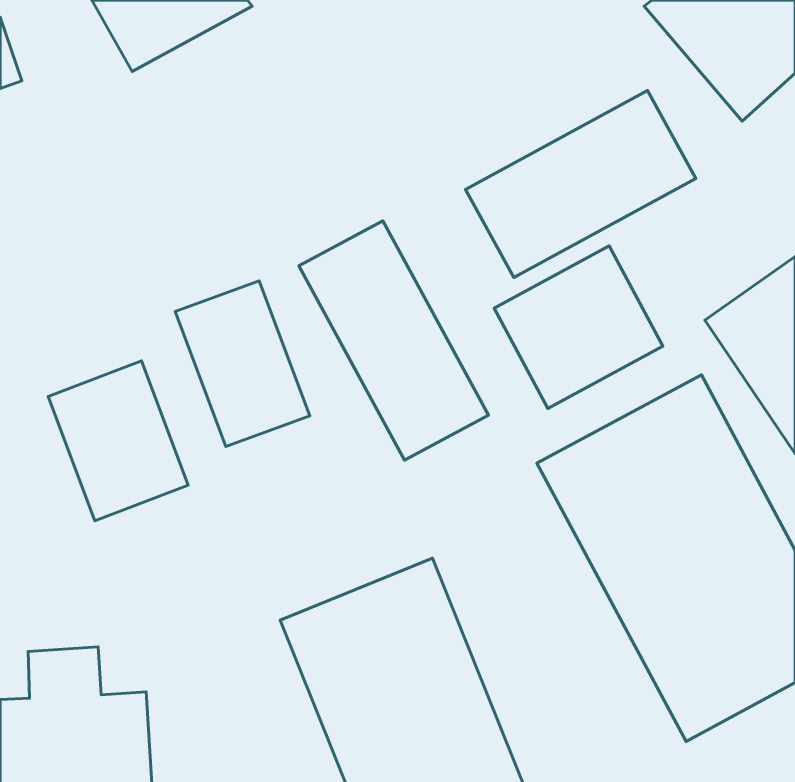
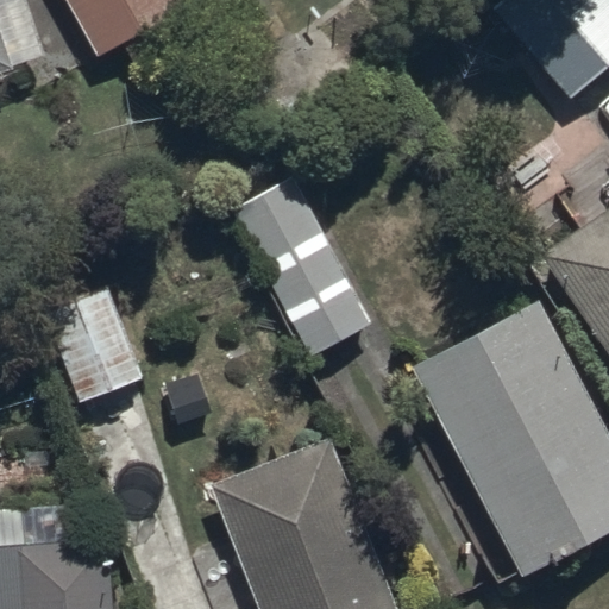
building: [465,90,696,278] -> none
building: [494,246,663,409] -> none
building: [175,281,310,447] -> none

